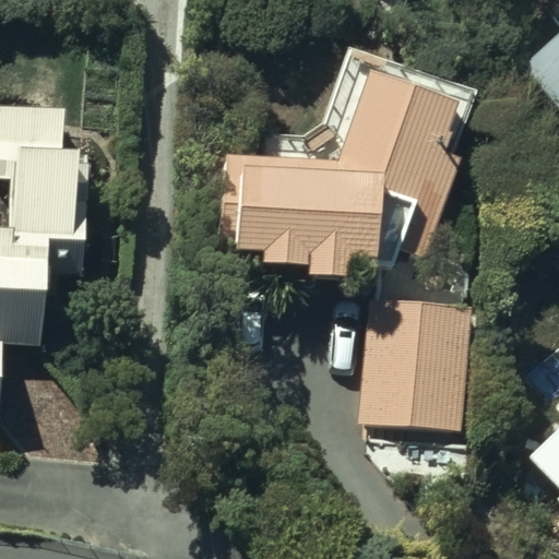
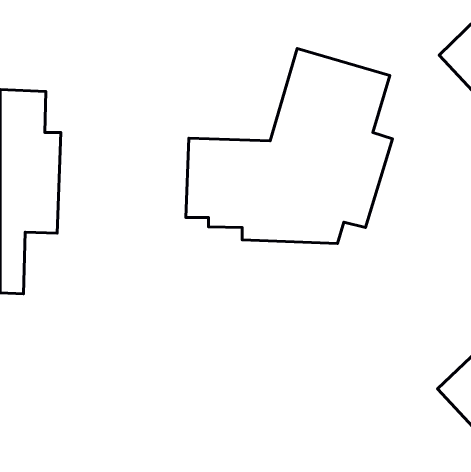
building: [360,298,469,427] -> none

